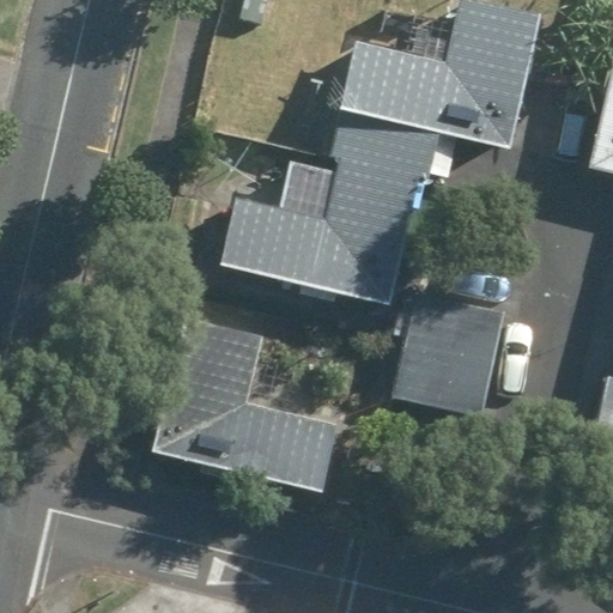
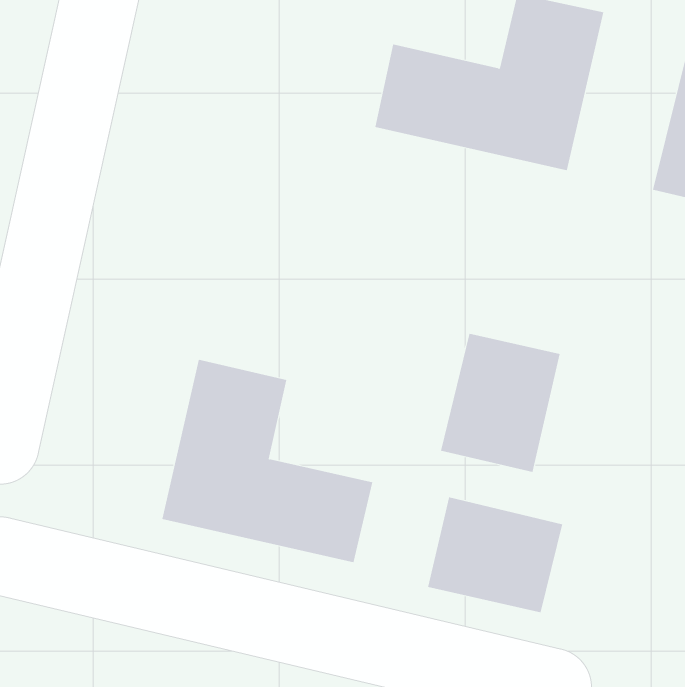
building: [220,114,437,305] -> none
building: none -> [427,496,563,613]

